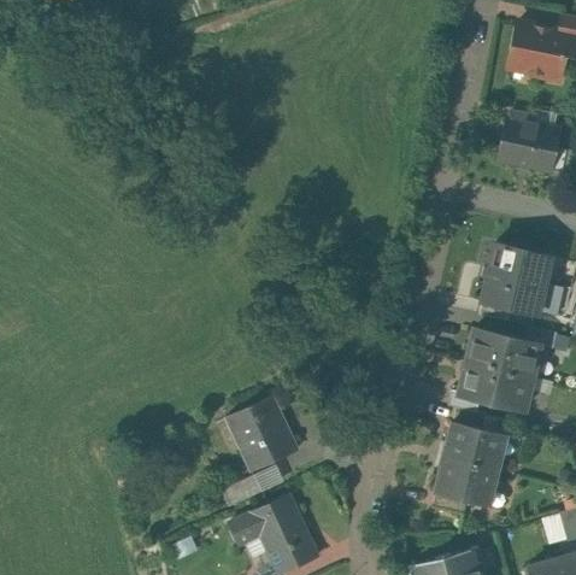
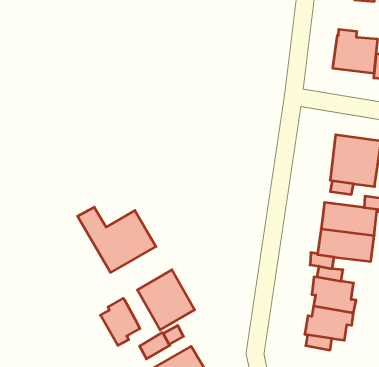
building: none -> [78,207,156,272]
building: none -> [100,298,140,345]

